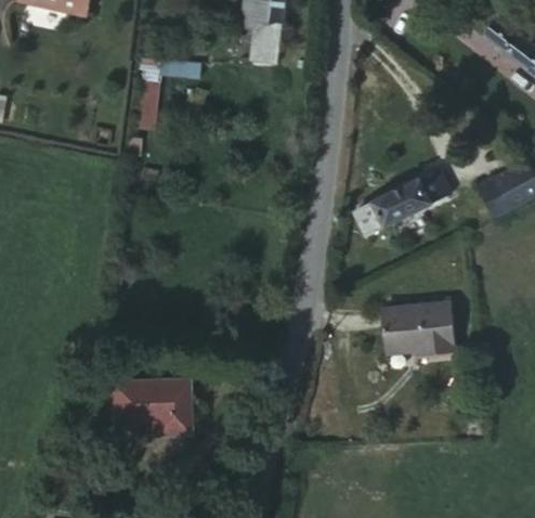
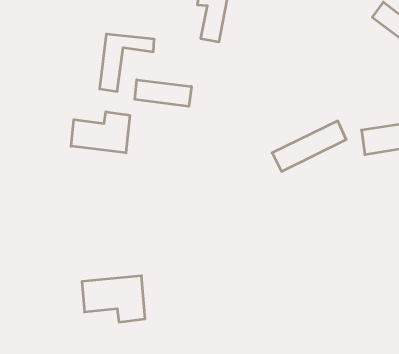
building: none -> [135,80,191,106]
building: none -> [71,112,130,153]
building: [379,302,453,355] -> none

